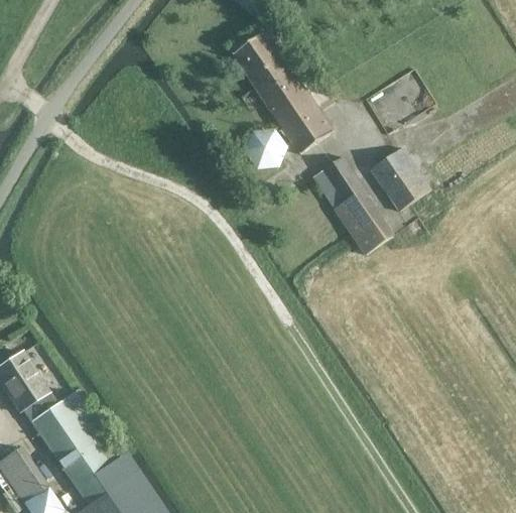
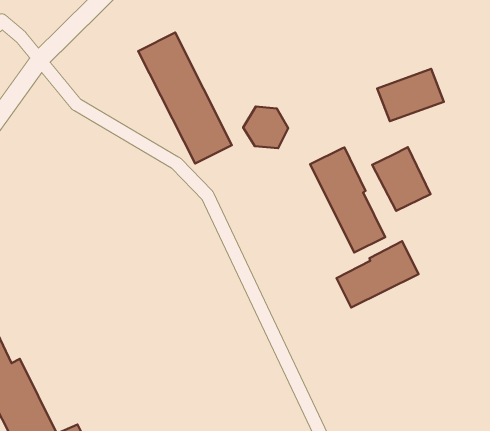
building: [233,31,333,152] -> [138,33,232,164]
building: none -> [336,241,419,308]

